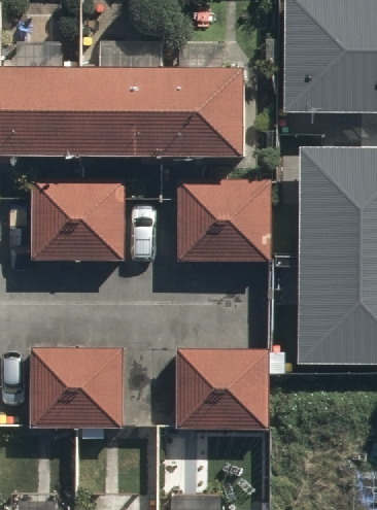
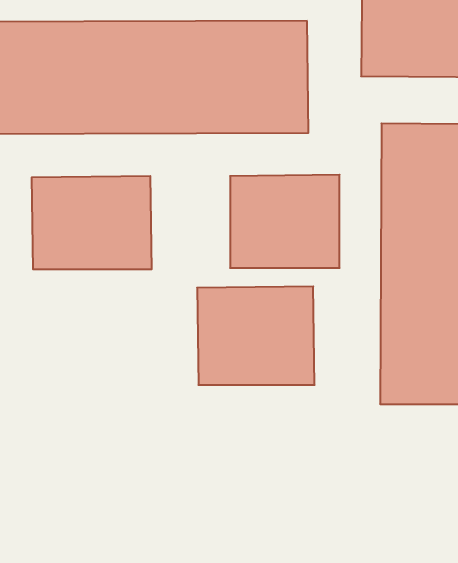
building: [36,349,122,428] -> none
building: [179,352,269,428] -> [197,286,315,385]

